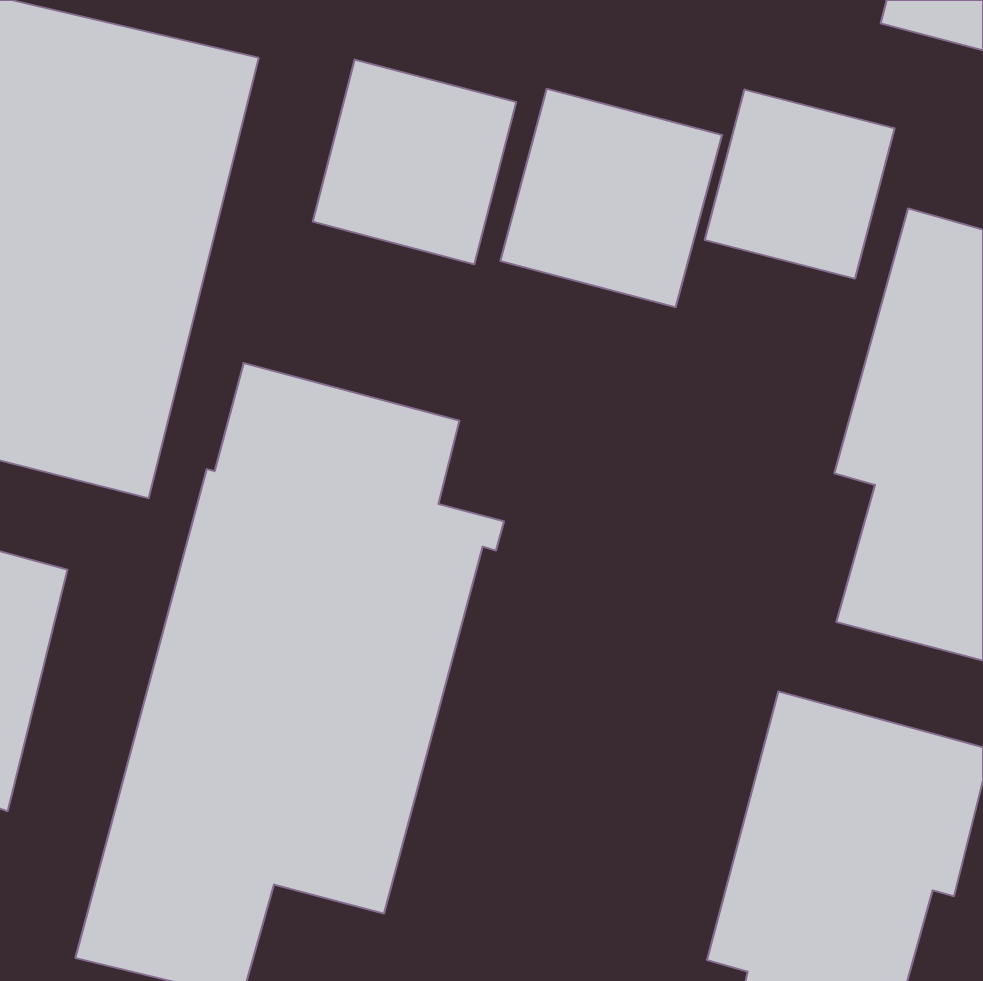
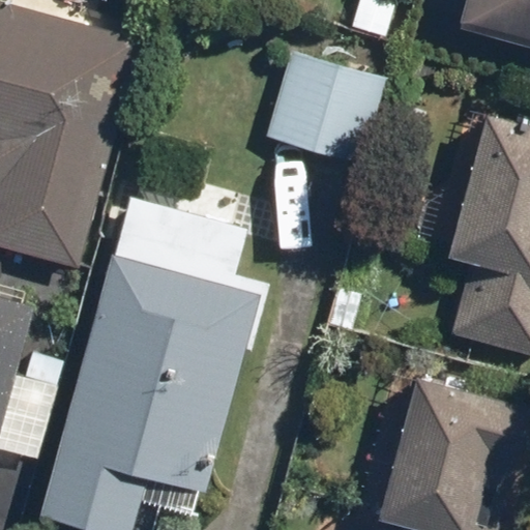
building: [313,59,516,264] -> none
building: [705,89,894,279] -> none

